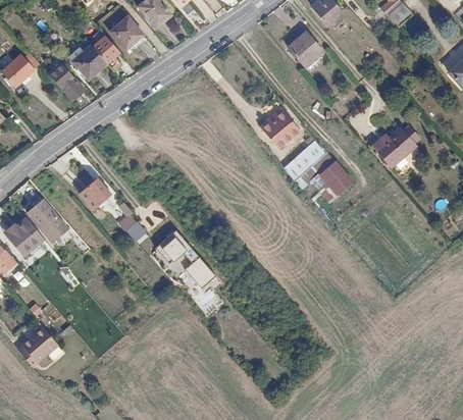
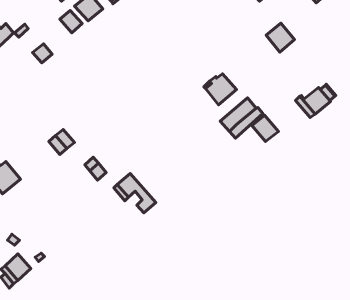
building: [288,31,321,65] -> [266,23,295,52]
building: [70,45,106,80] -> none
building: [25,198,71,246] -> none

